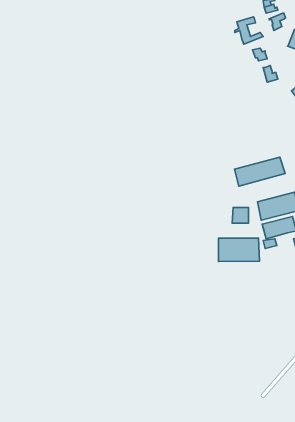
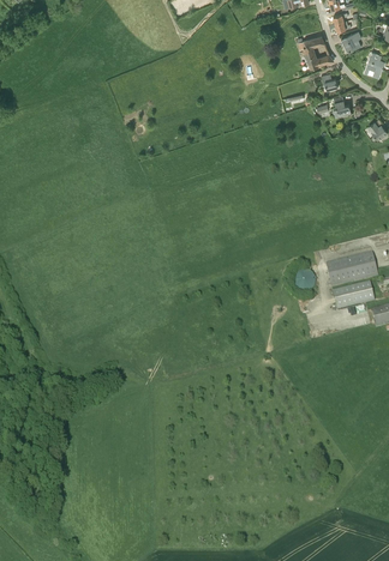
building: [234,157,285,186] -> none
building: [219,238,259,262] -> none

